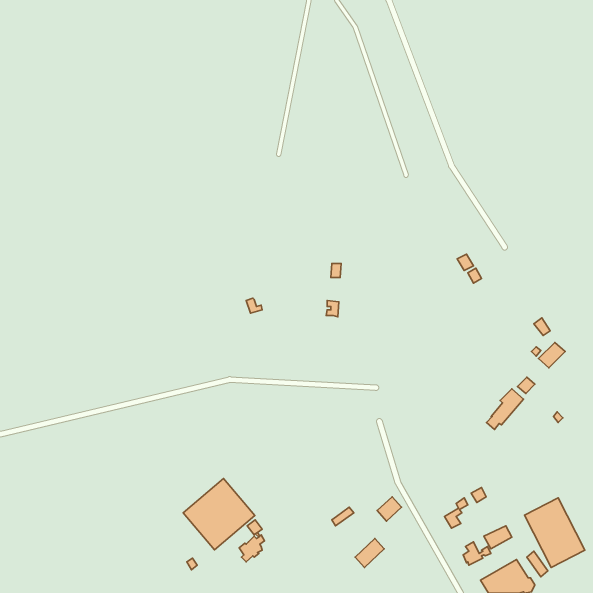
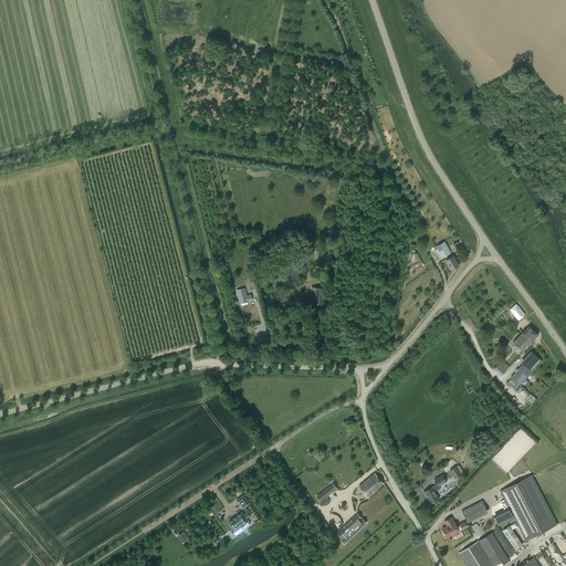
building: [486,389,523,429] -> [506,350,542,389]
building: [183,479,255,550] -> none

